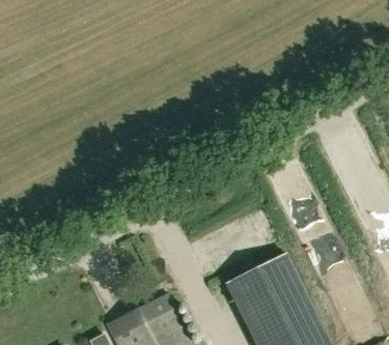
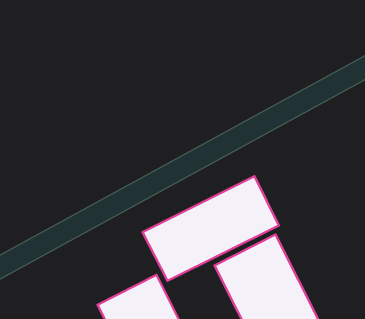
building: none -> [143,176,279,281]

